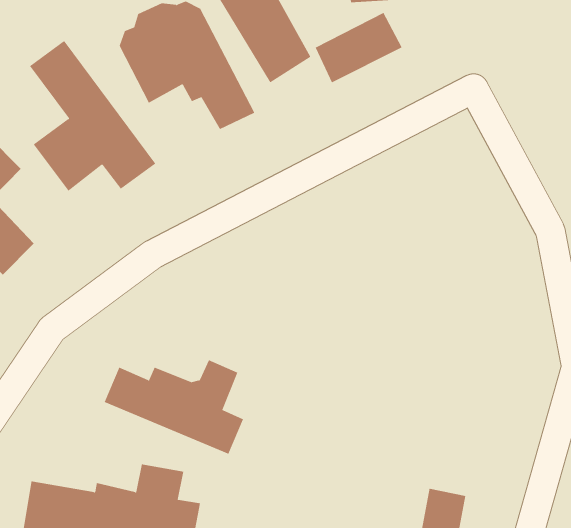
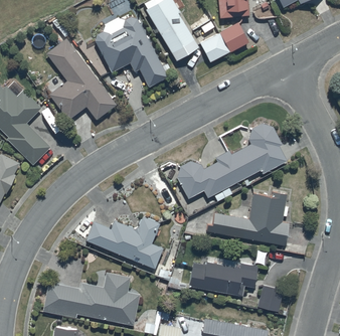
building: none -> [177,122,288,196]
building: none -> [207,188,289,242]
building: none -> [189,255,259,295]

